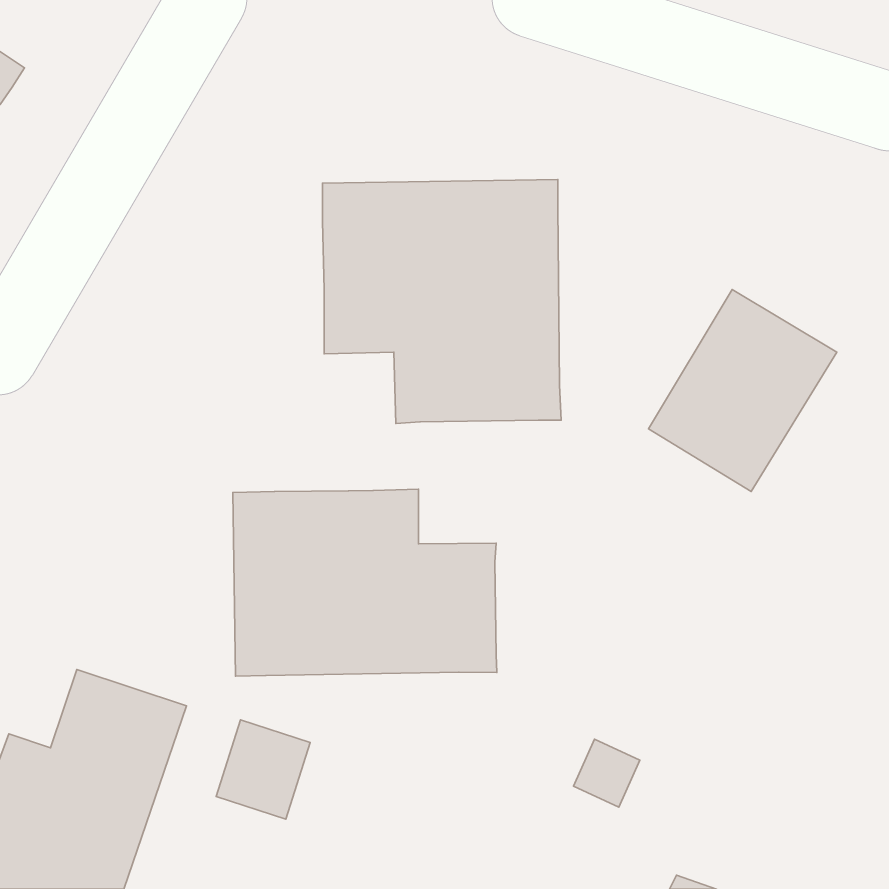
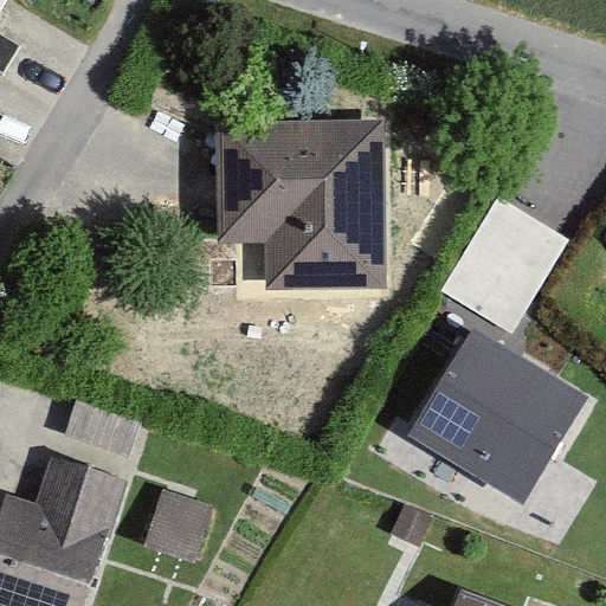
building: [233,489,497,676] -> none
building: none -> [410,334,582,498]

